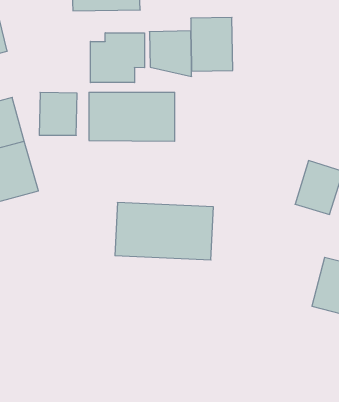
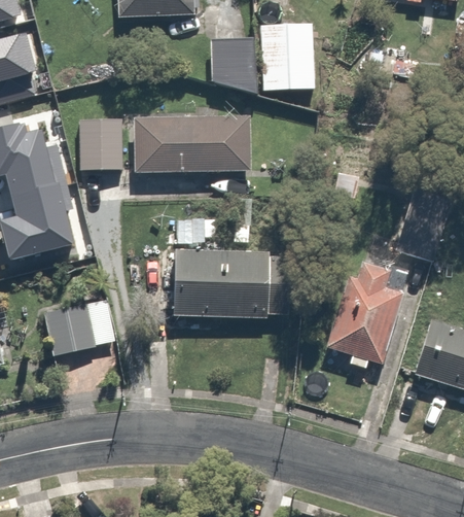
building: [90,33,144,83] -> none
building: none -> [325,263,403,368]
building: none -> [38,295,116,357]

